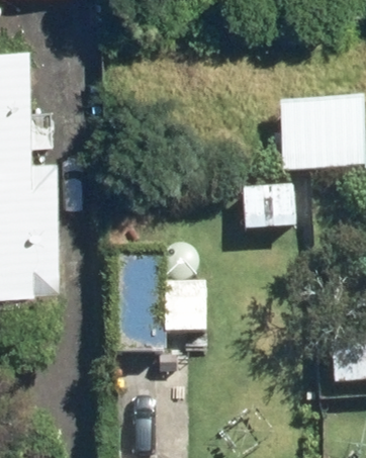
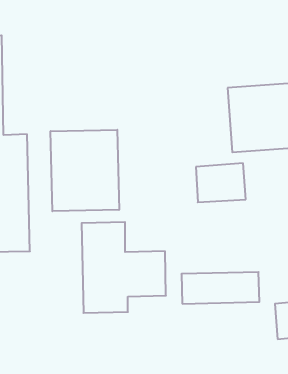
building: none -> [51,130,119,211]

